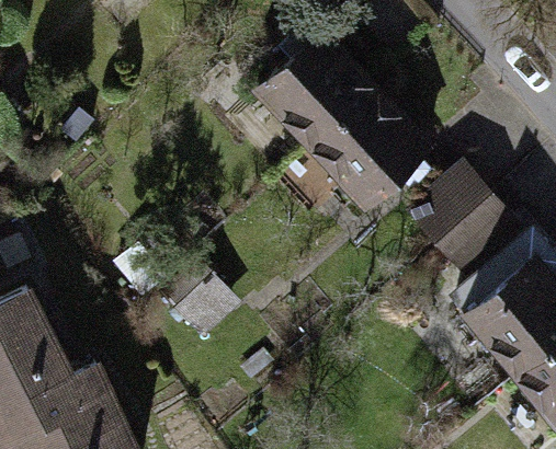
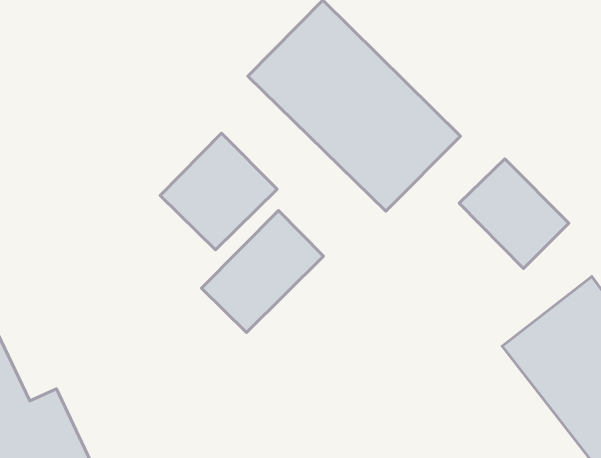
building: none -> [160,133,277,250]
building: none -> [201,210,324,333]

